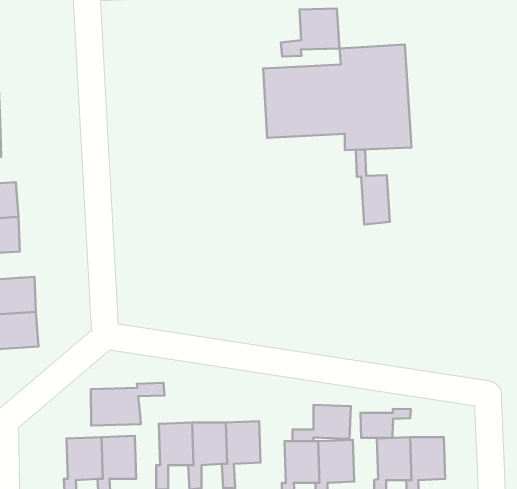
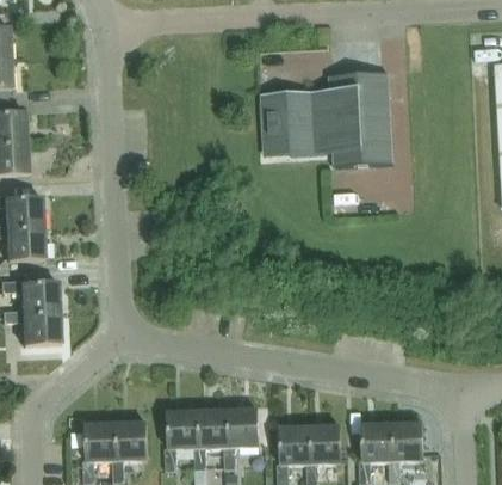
building: [281,9,339,56] -> none
building: [356,150,390,225] -> none
building: [91,383,165,426] -> none
building: [292,405,351,441] -> none
building: [360,409,411,438] -> none

